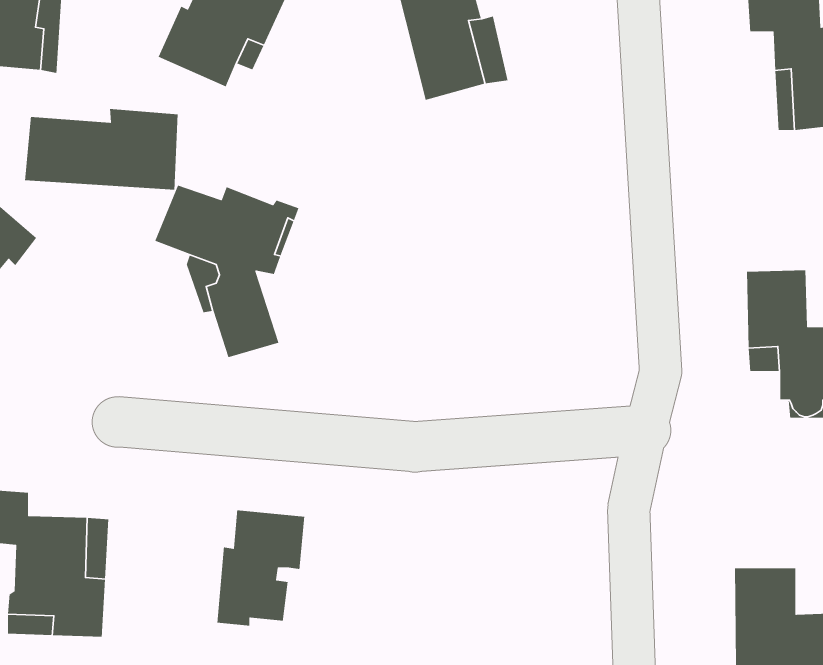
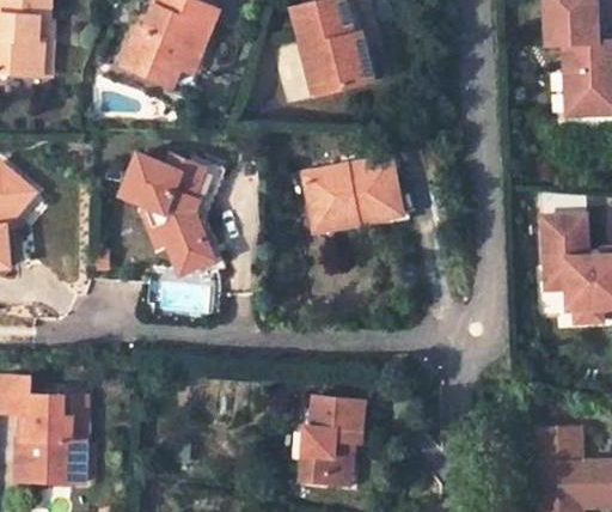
building: [24,108,179,190] -> none
building: none -> [300,153,403,231]
building: [217,510,305,627] -> [301,397,365,481]

